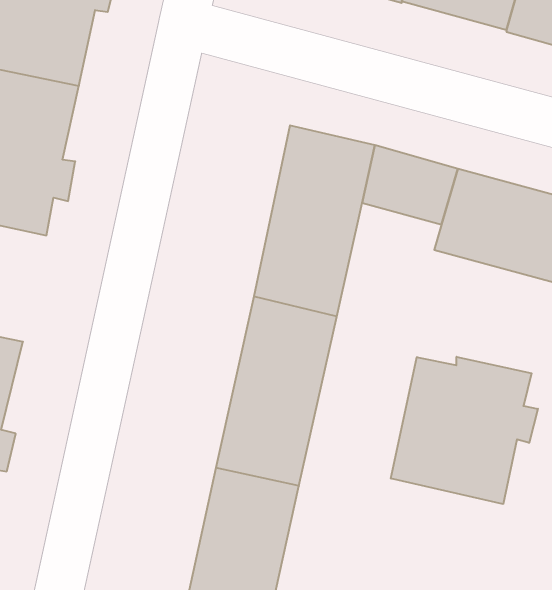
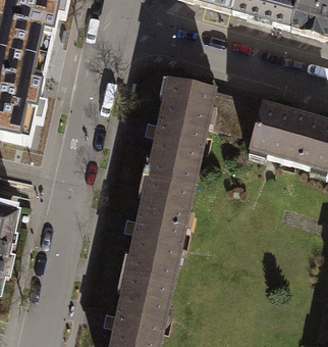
building: [391,357,538,504] -> none

